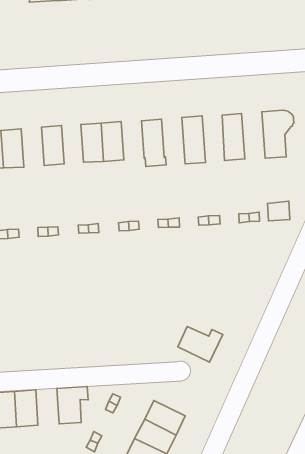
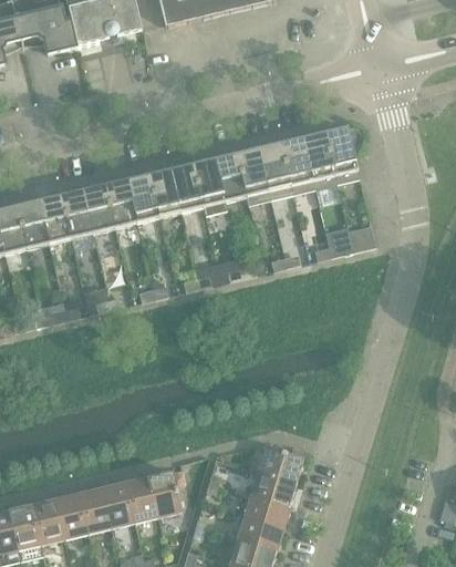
building: none -> [301,132,335,187]
building: none -> [258,143,291,198]
building: none -> [214,153,246,200]
building: none -> [169,164,201,210]
building: none -> [104,179,135,226]
building: none -> [60,189,92,237]
building: [178,326,223,362] -> [257,446,304,483]
building: none -> [124,476,156,520]

